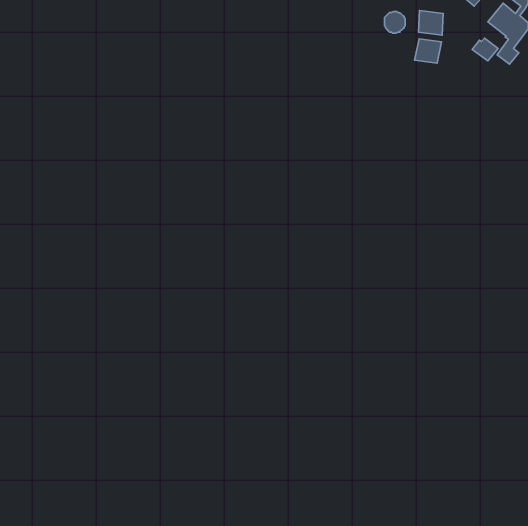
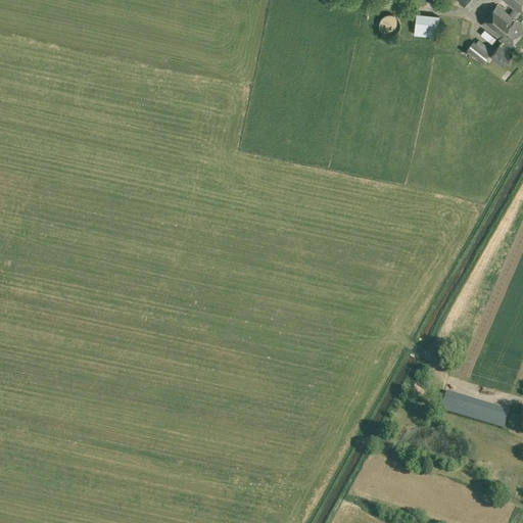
building: [415,39,442,63] -> none
building: none -> [442,391,509,426]

